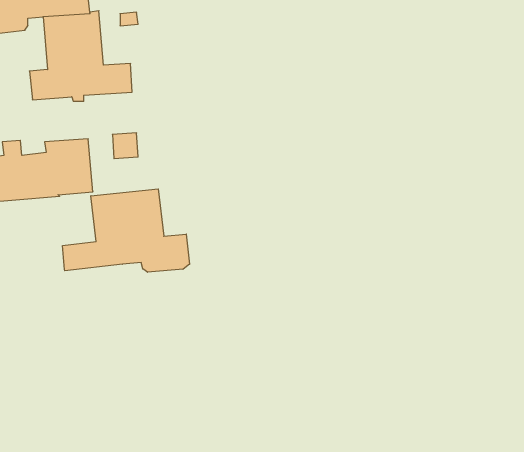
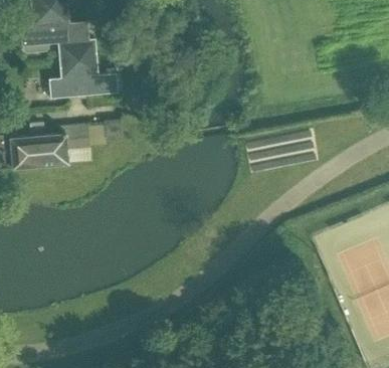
building: [63,189,190,272] -> none

